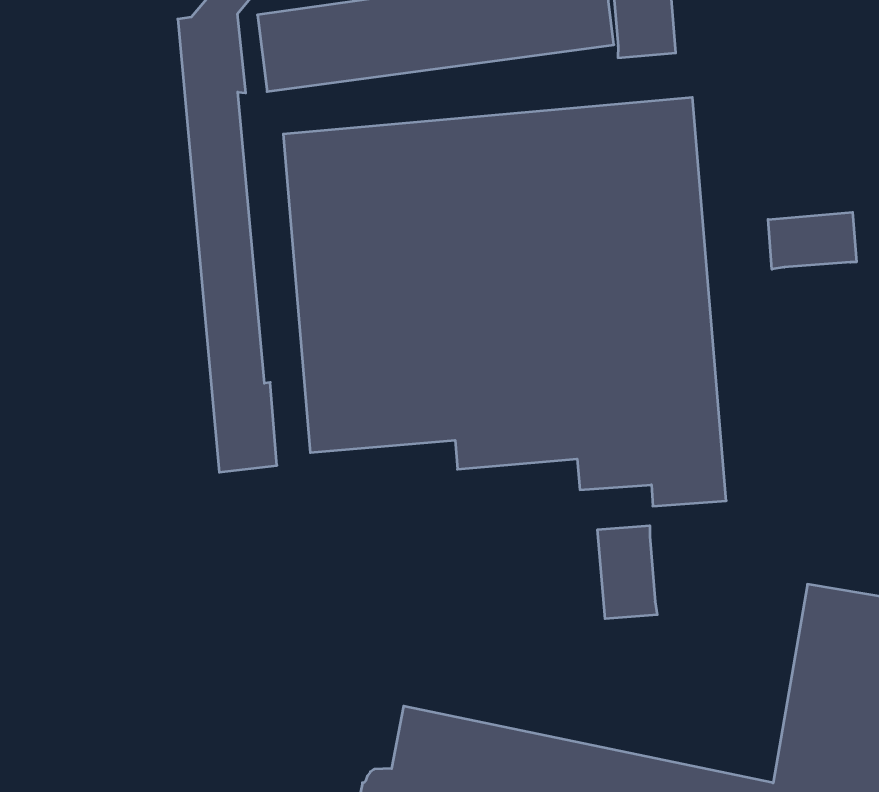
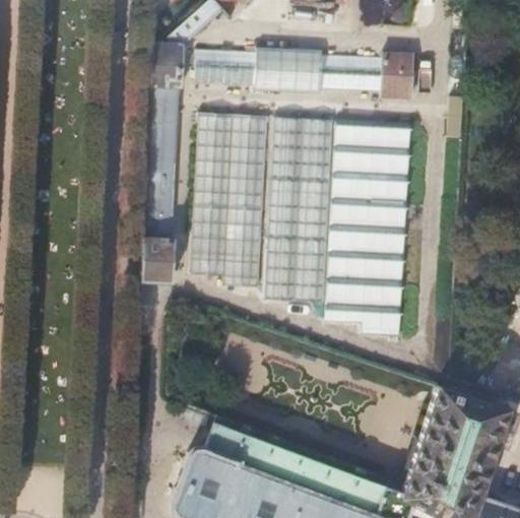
building: [768,212,856,269] -> none
building: [598,526,657,619] -> none

